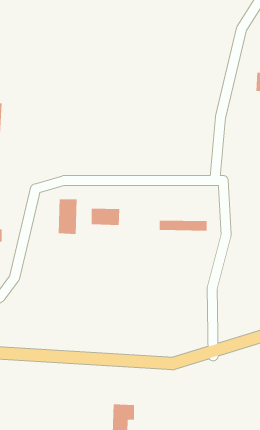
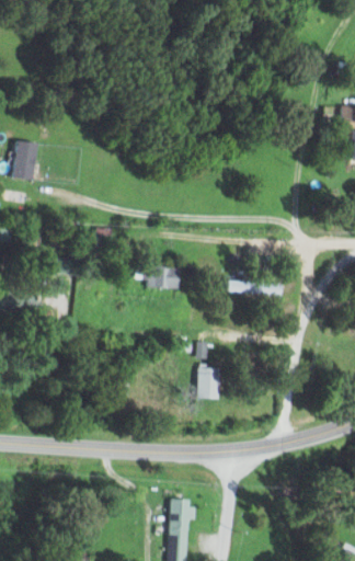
building: [58,199,77,235] -> none
building: none -> [195,368,218,400]

